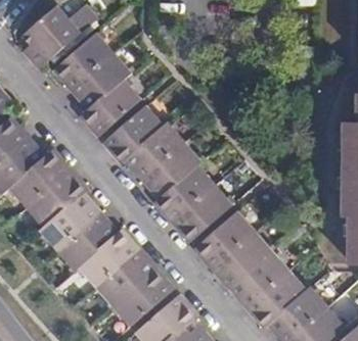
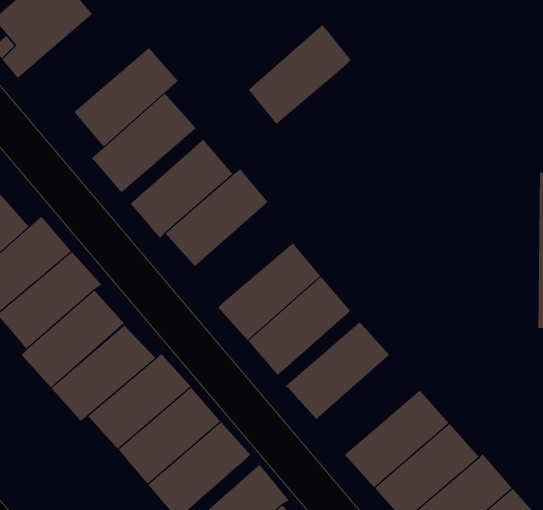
building: [53,31,114,89] -> none
building: [140,141,200,199] -> [248,25,352,125]
building: [211,230,271,288] -> none

